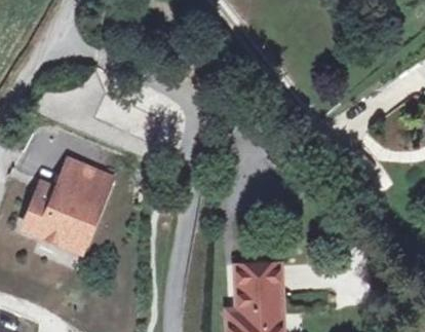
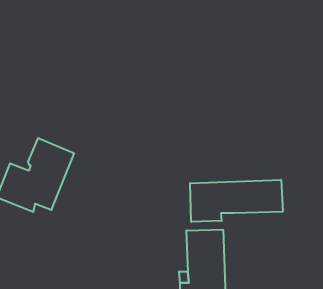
building: none -> [190,180,283,222]

